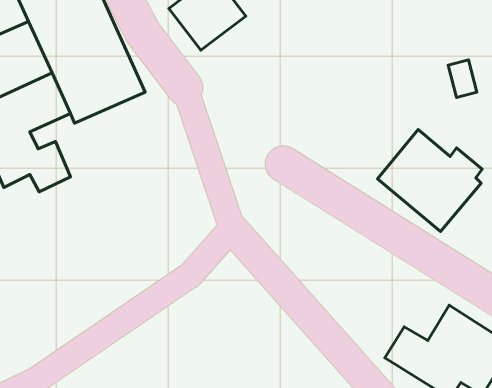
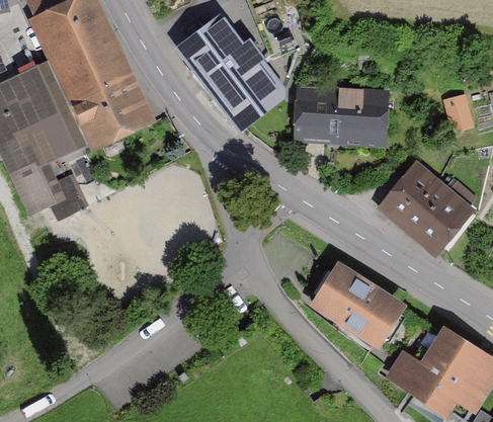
building: none -> [210,53,282,125]
building: none -> [293,86,389,147]
building: none -> [311,260,409,349]

